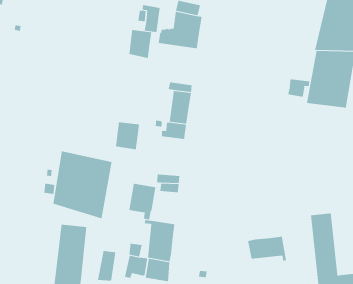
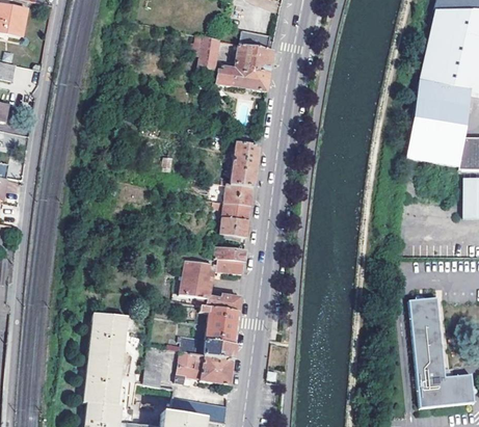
building: [129,29,152,59] -> none
building: [287,79,310,98] -> none
building: [115,122,140,150] -> [220,203,251,238]
building: [53,150,112,219] -> none
building: none -> [207,295,240,313]
building: [248,236,287,262] -> none

